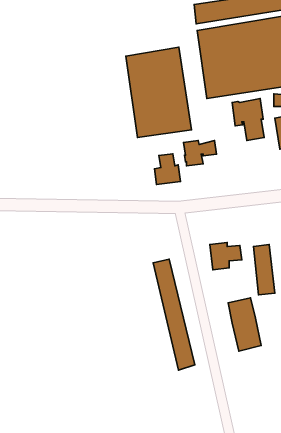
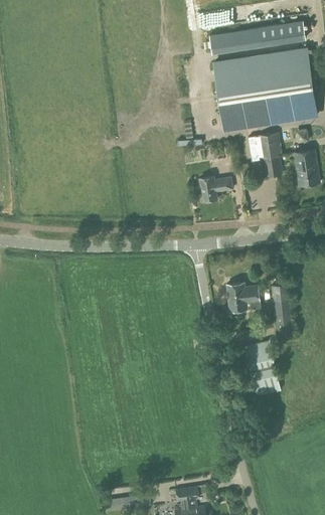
building: [126,47,192,137] -> none
building: [155,154,181,185] -> none
building: [153,259,195,370] -> none

